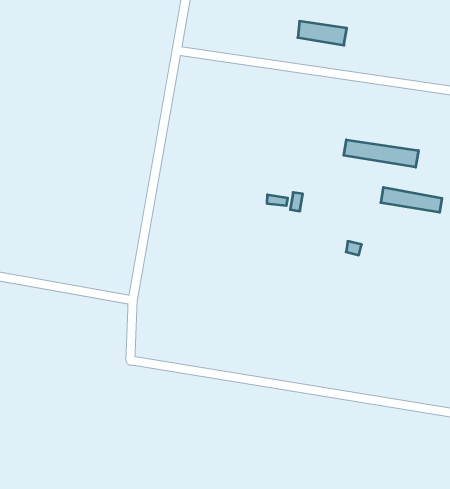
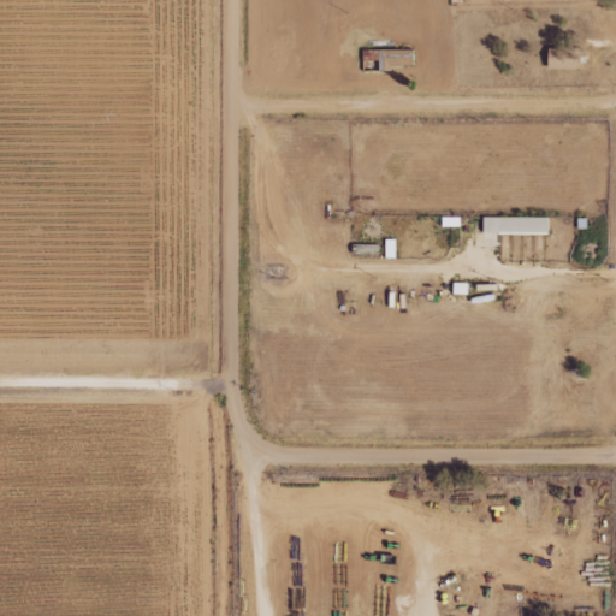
building: [344,140,418,167] -> none

